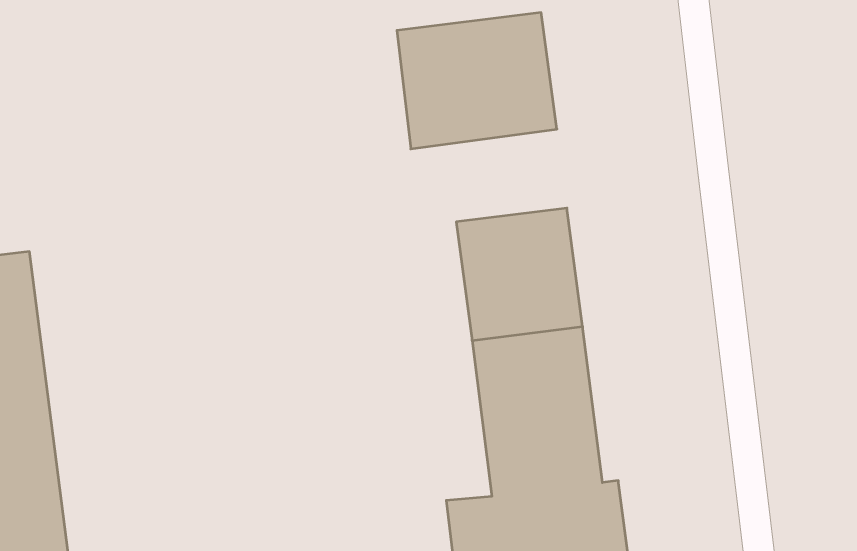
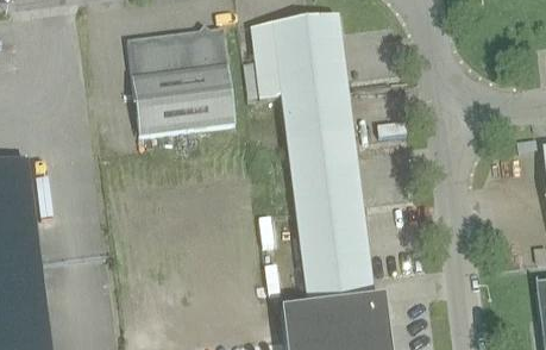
building: none -> [127,23,237,130]
building: none -> [257,83,351,139]

